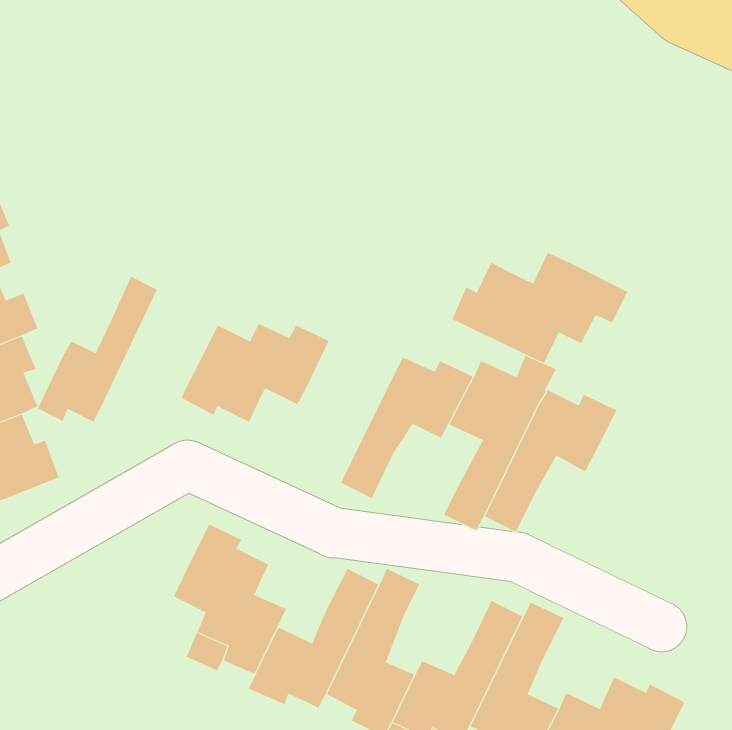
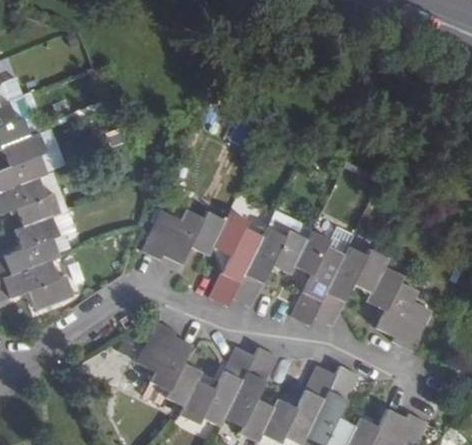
building: [451,252,628,364] -> none
building: [37,276,158,423] -> none
building: none -> [208,209,263,307]
building: none -> [366,265,433,351]

